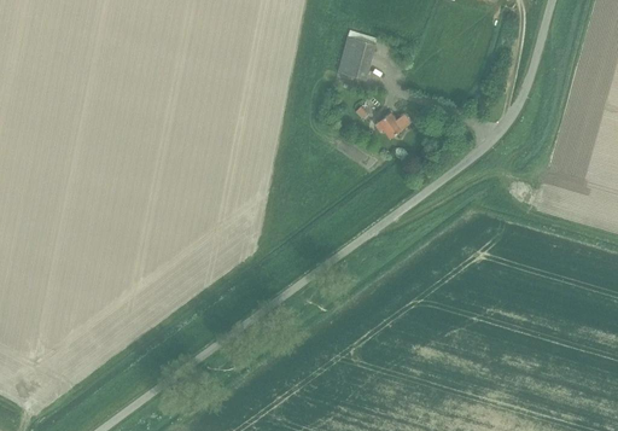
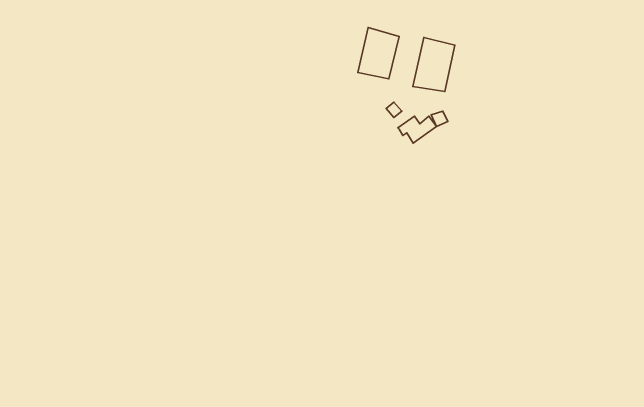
building: none -> [413,38,455,92]

